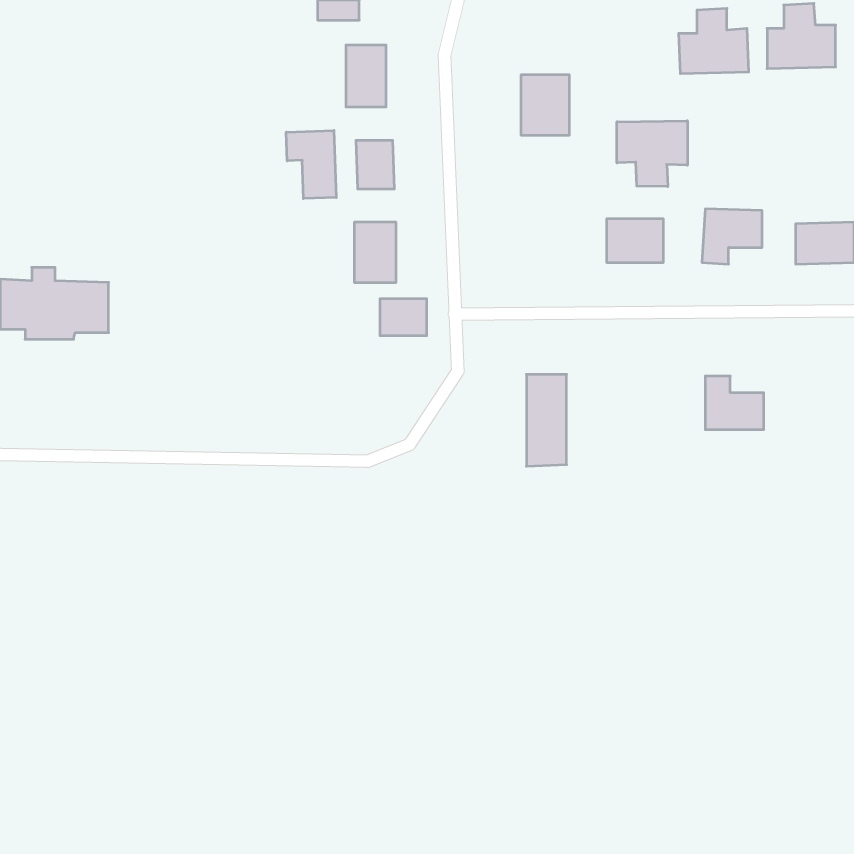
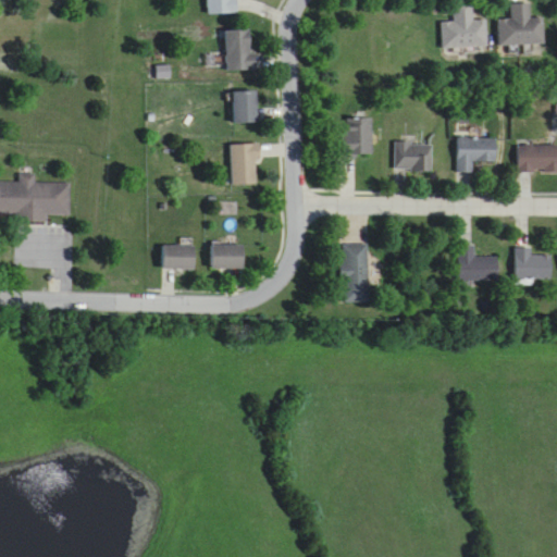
building: [521,75,569,135] -> [341,117,372,157]
building: [617,121,687,187] -> none
building: [286,130,336,199] -> none
building: [380,299,427,336] -> [212,245,243,269]
building: none -> [163,245,195,269]
building: none -> [516,247,552,284]

